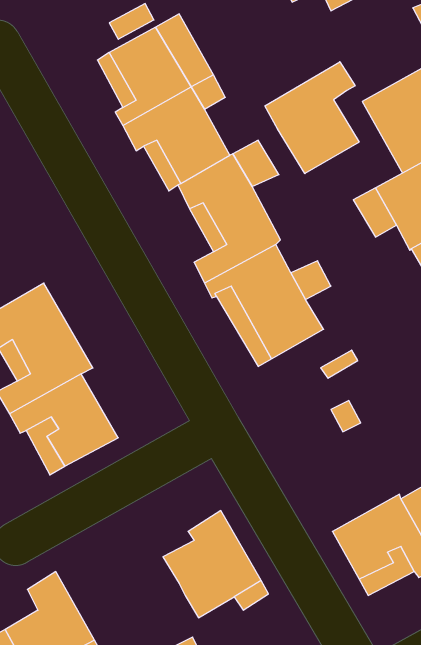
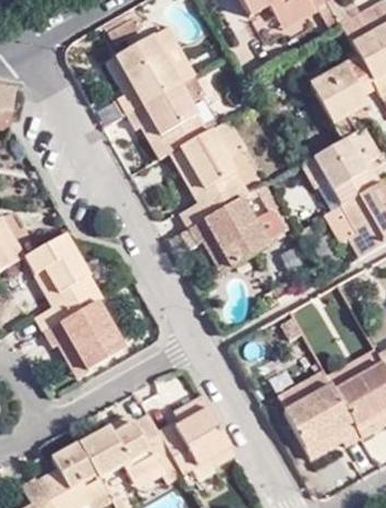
building: [265,62,359,174] -> none
building: none -> [77,414,183,486]

